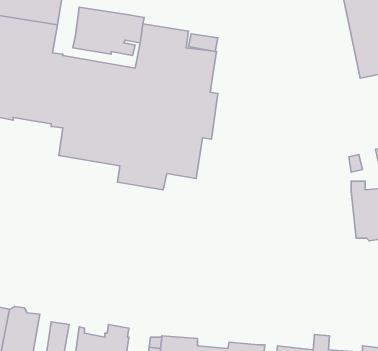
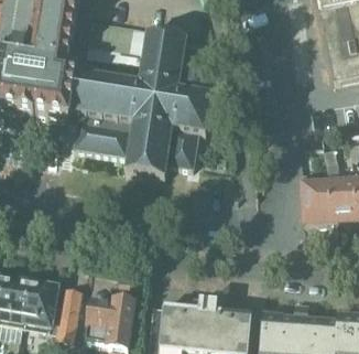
building: none -> [304,173,333,224]

